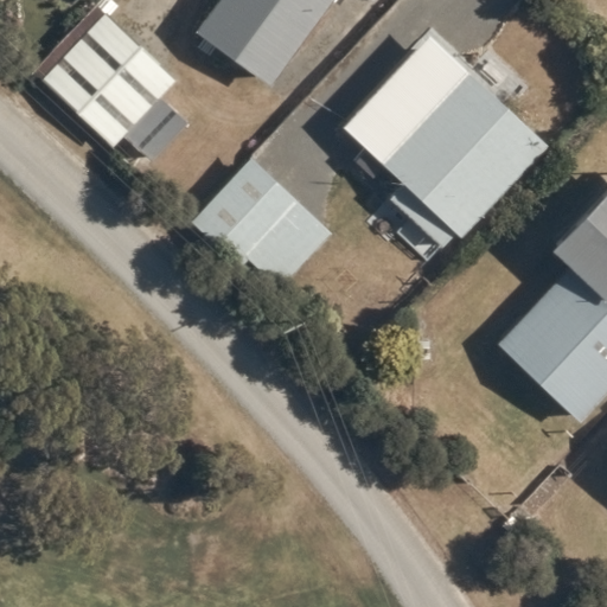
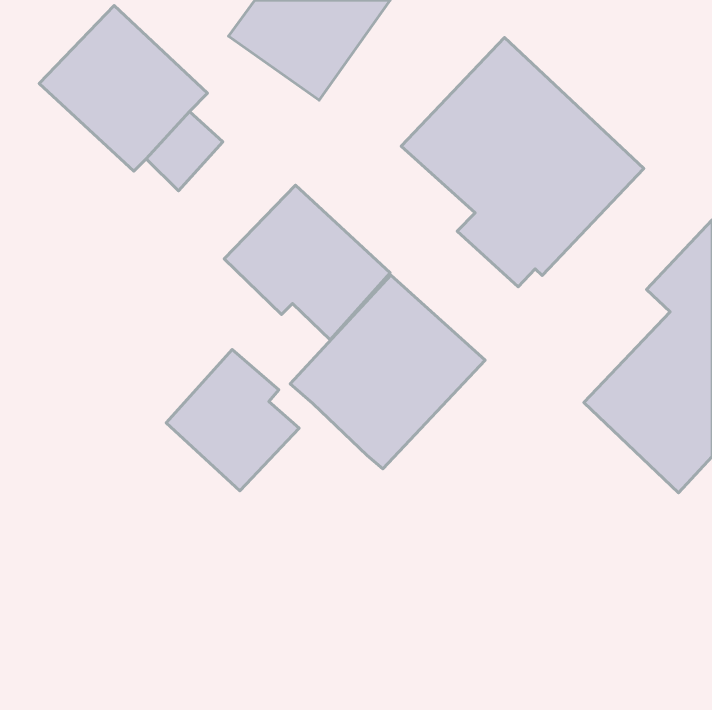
building: none -> [290,275,485,469]
building: none -> [166,349,299,491]

